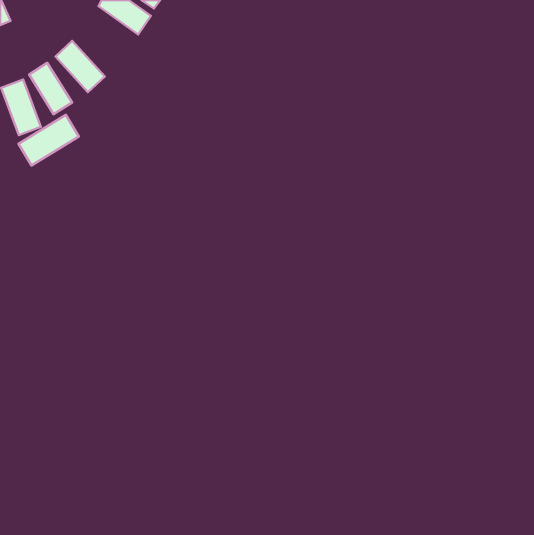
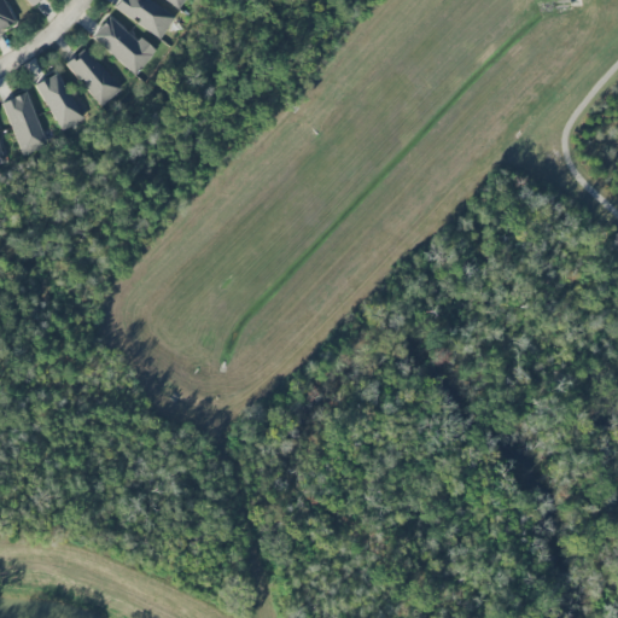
building: none -> [92,16,157,75]
building: [19,115,79,165] -> none

